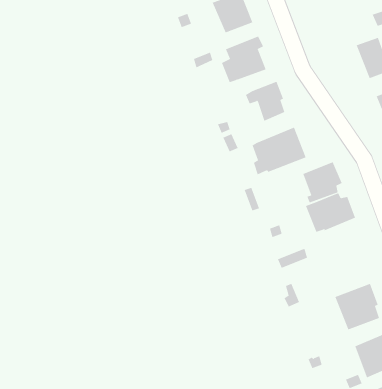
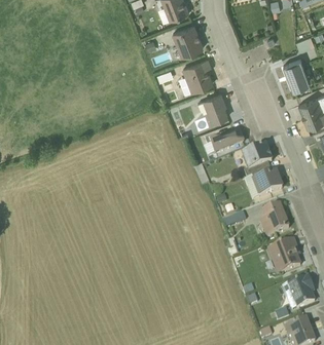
building: none -> [259,202,289,235]

